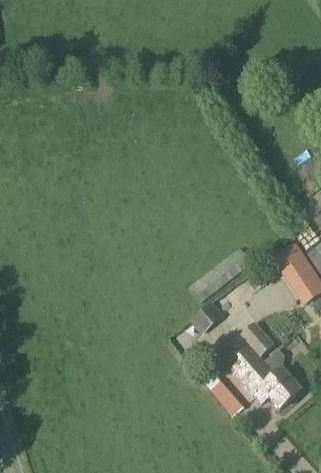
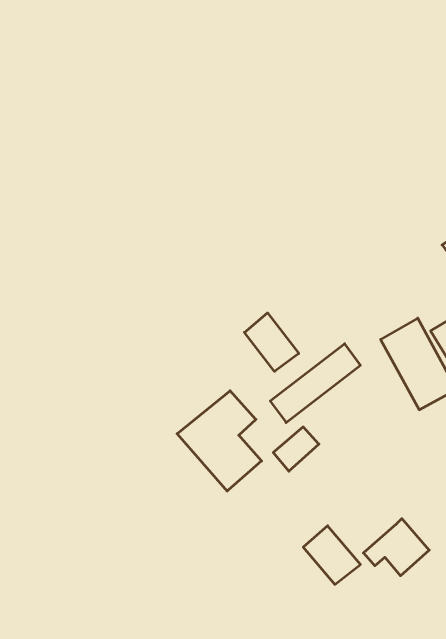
building: none -> [244,313,299,371]
building: [219,324,278,394] -> [177,391,262,491]

